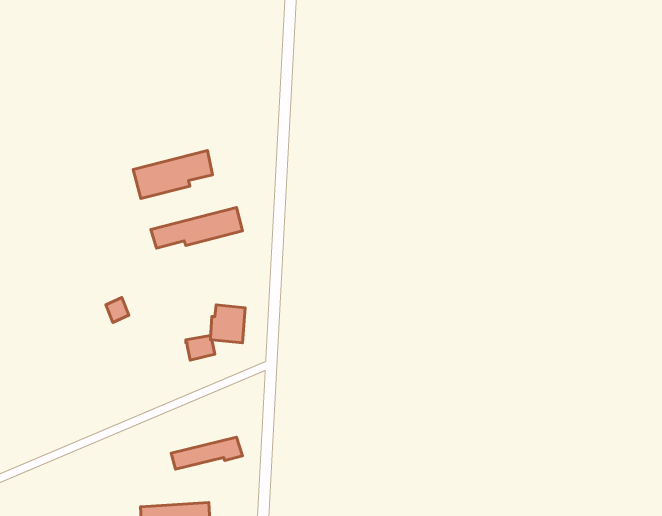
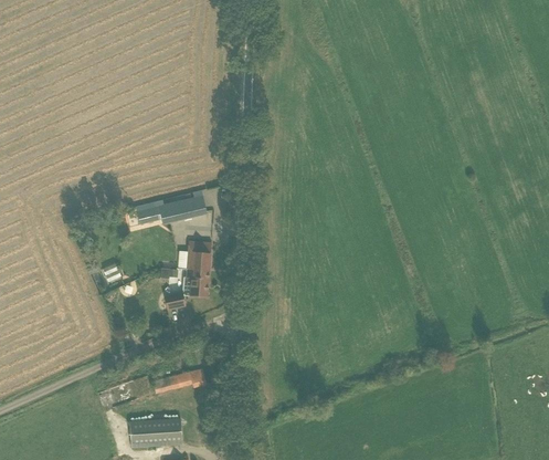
building: [133,151,213,198] -> none
building: none -> [187,240,211,270]

